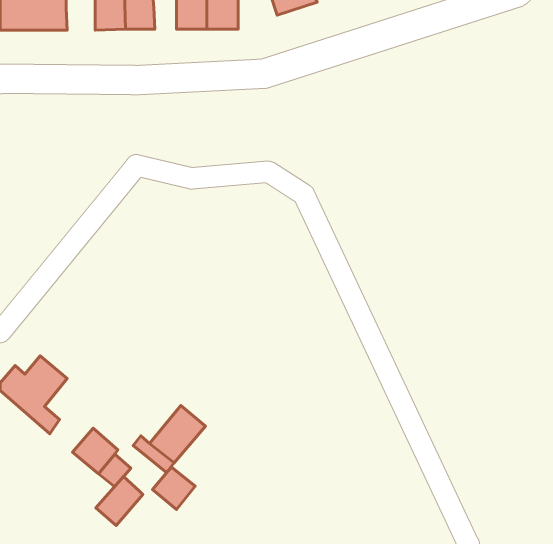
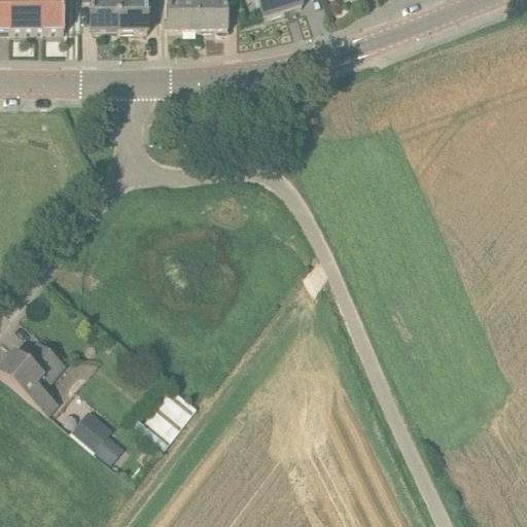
building: [153,467,195,509] -> none
building: [96,477,143,526] -> none

